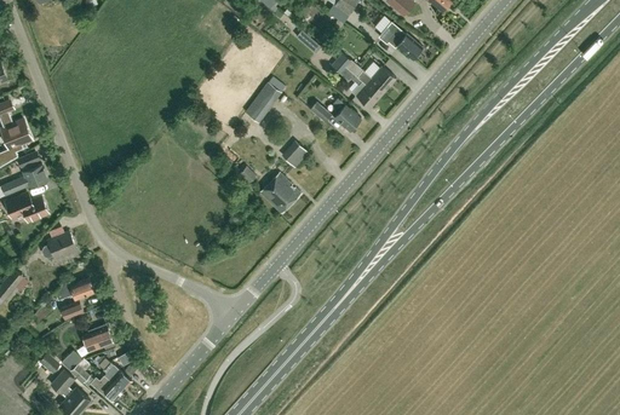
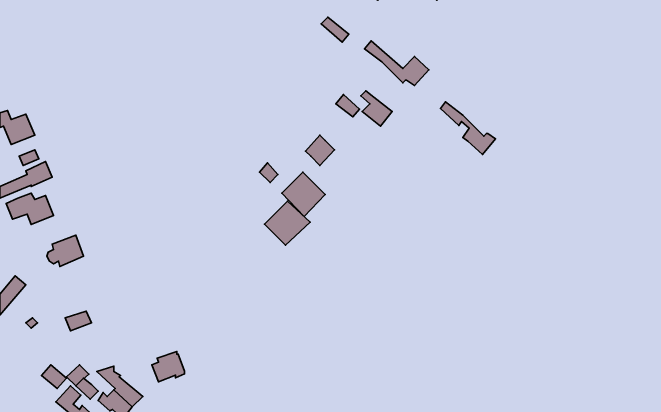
building: [379,21,423,59] -> none
building: [332,59,383,108] -> [440,102,496,154]
building: [246,81,282,122] -> none
building: none -> [265,201,310,245]
building: [56,278,94,300] -> none
building: [84,324,114,352] -> [152,352,185,382]

